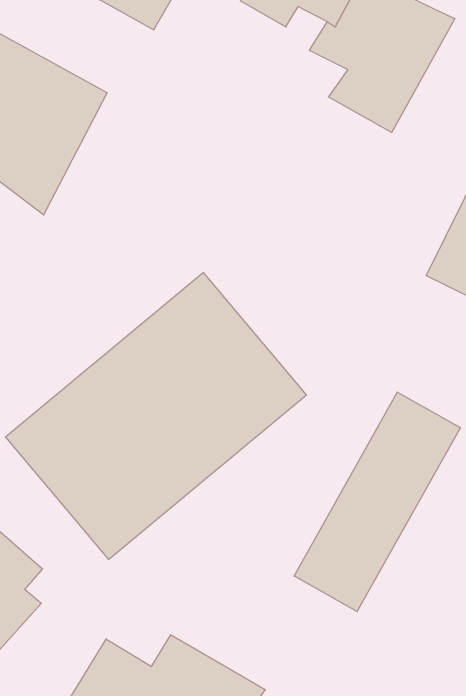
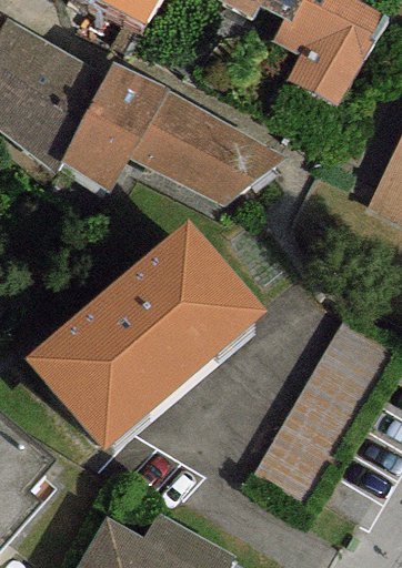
building: none -> [61,62,283,206]

